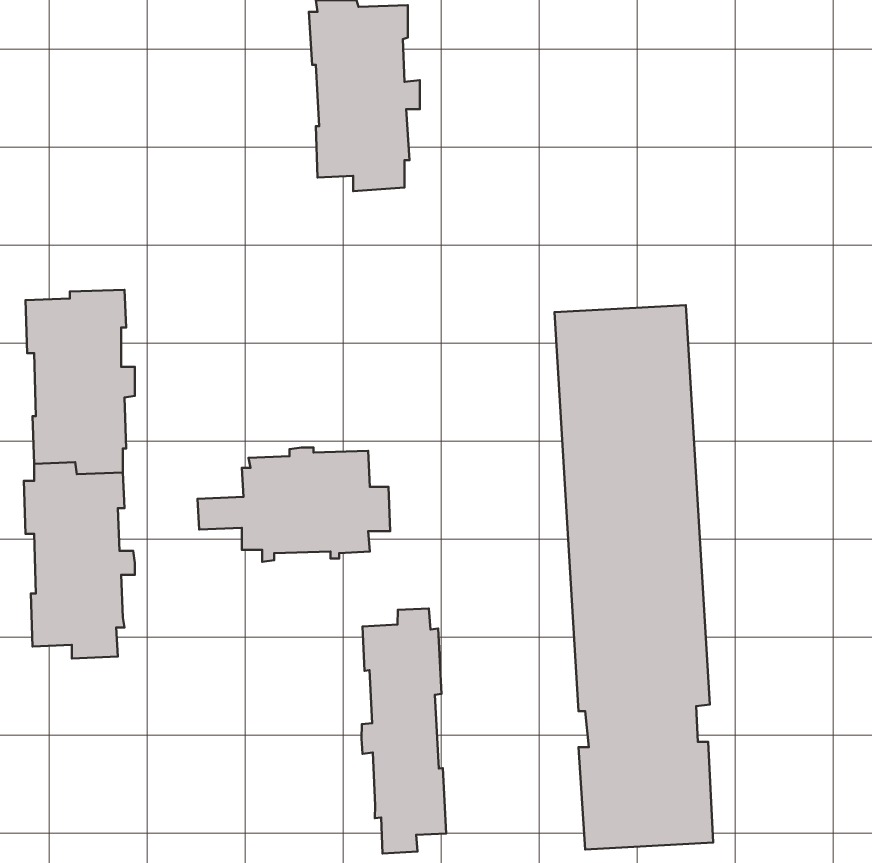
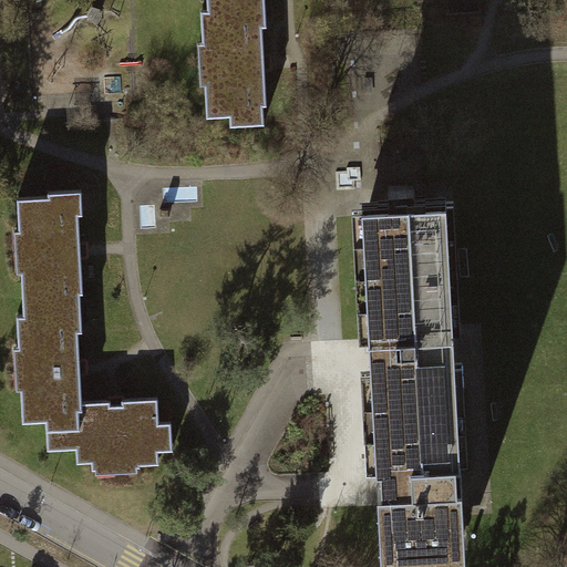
building: [197,448,390,562] -> [47,400,172,474]
building: [361,608,446,853] -> none

